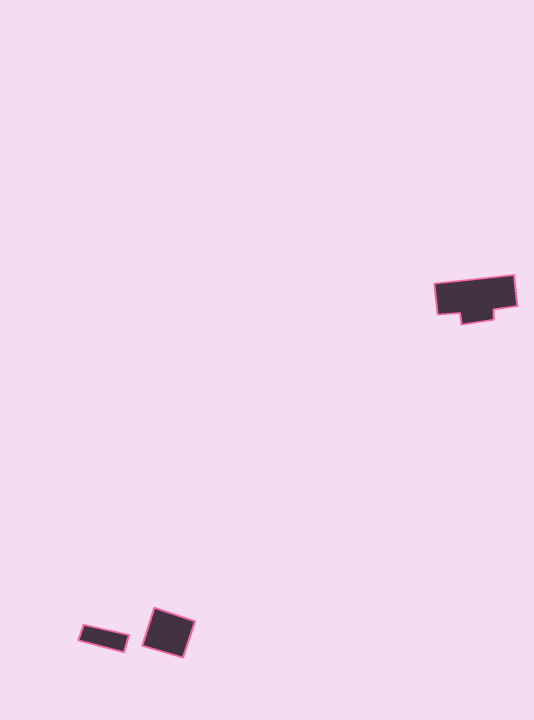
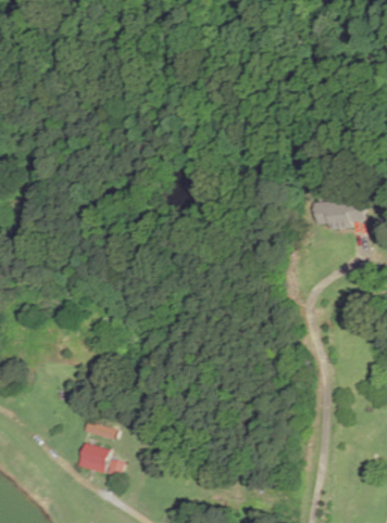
building: [142,608,195,657] -> [77,443,111,474]

